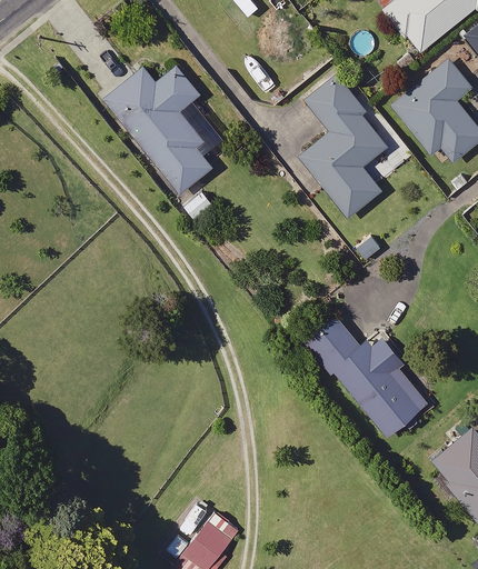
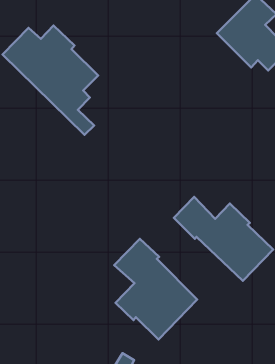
building: [300,76,389,218] -> none
building: none -> [114,239,197,340]

